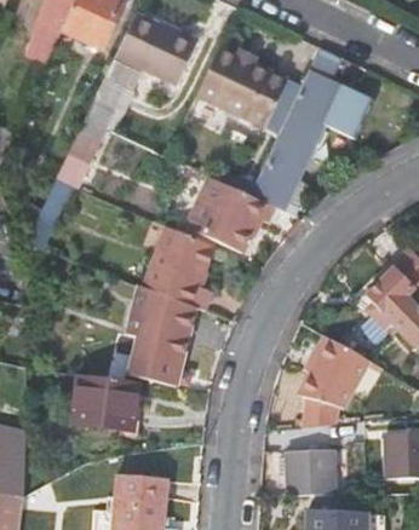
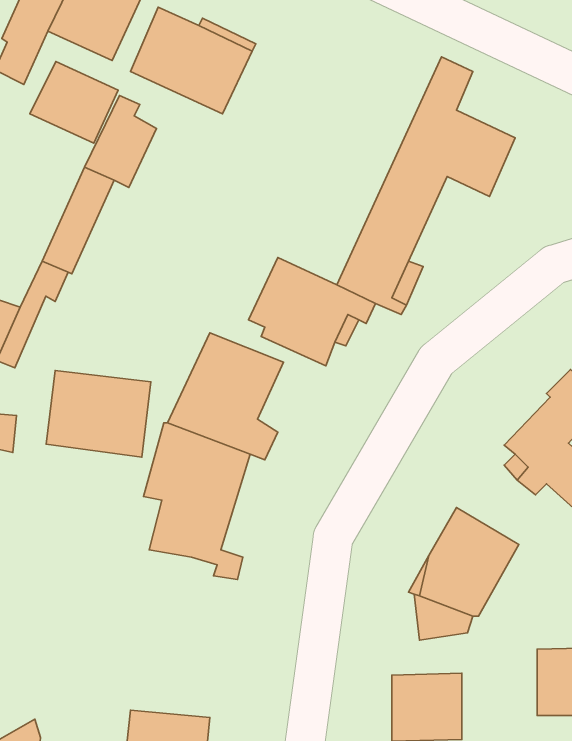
building: [196,46,289,132] -> none
building: none -> [30,61,118,143]
building: [70,374,139,431] -> [46,371,151,457]

